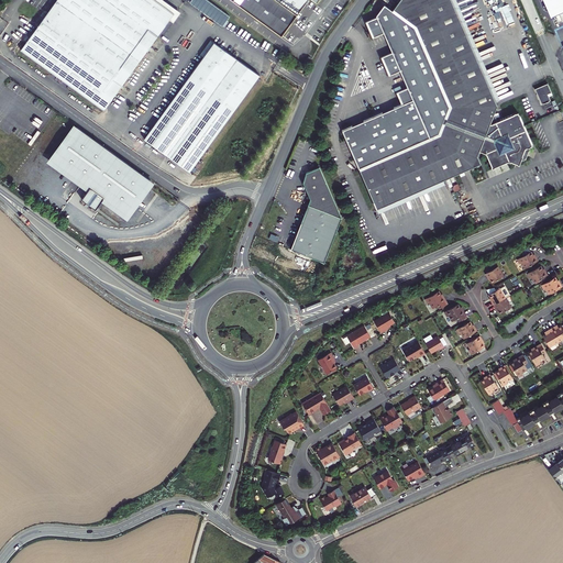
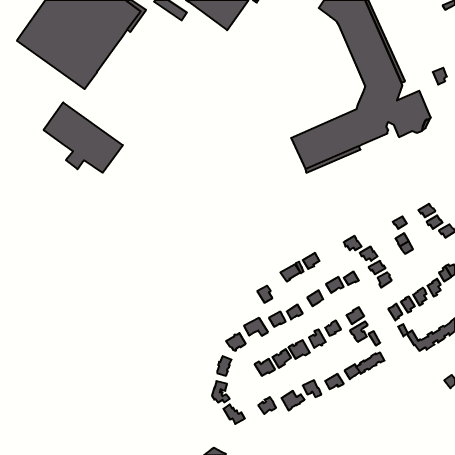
building: [342,4,451,170] -> none
building: [144,43,260,172] -> none
building: [291,167,342,263] -> none

